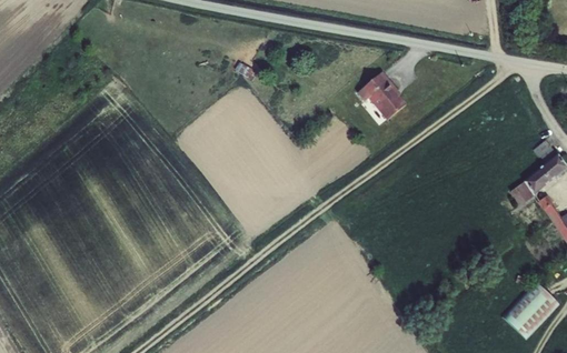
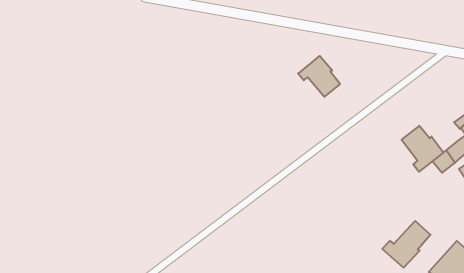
building: none -> [402,126,443,172]
building: none -> [382,221,431,268]

